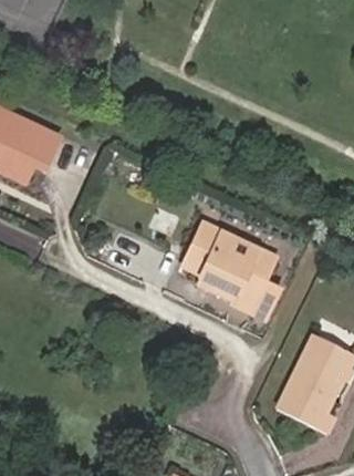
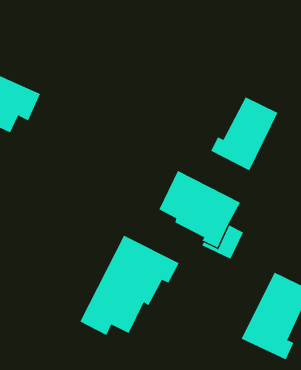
building: none -> [210,96,278,171]
building: none -> [79,235,180,336]

